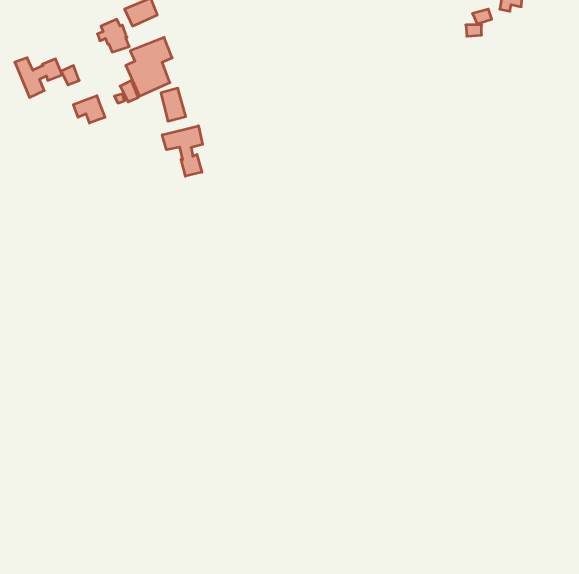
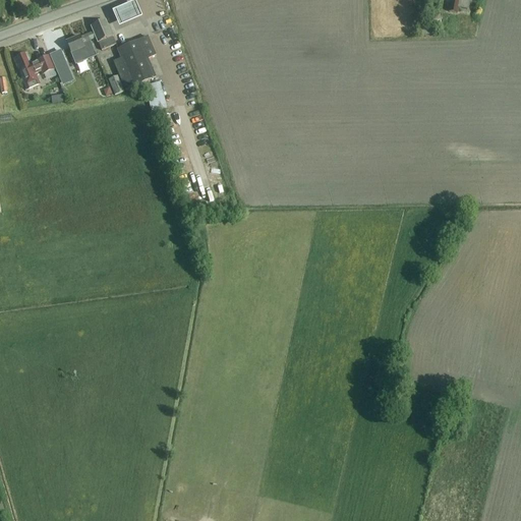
building: [73,96,105,123] -> [66,31,95,55]
building: [162,126,203,176] -> none

